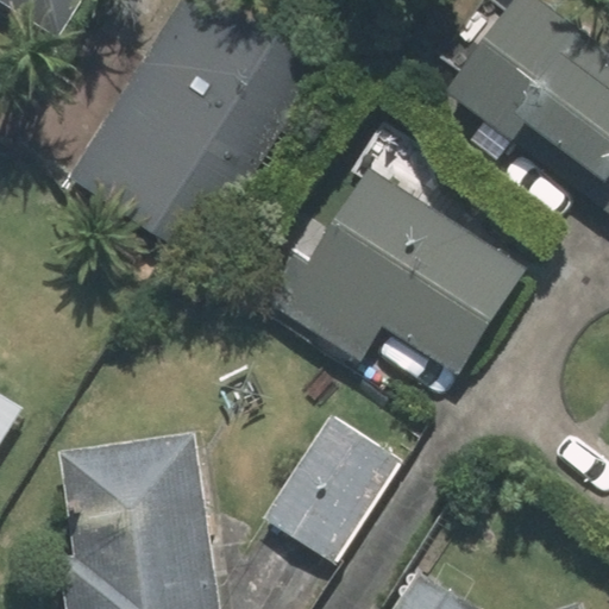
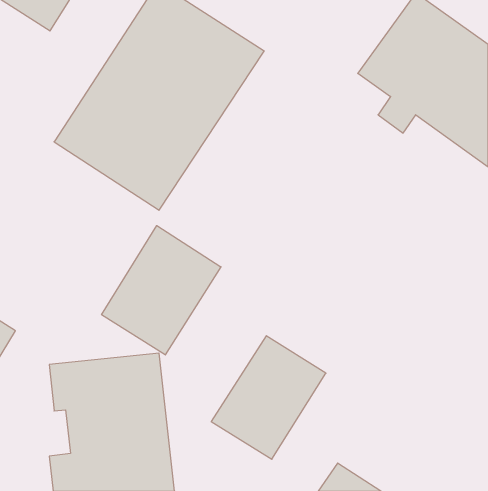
building: [263,170,527,373] -> none
building: none -> [102,226,221,355]

